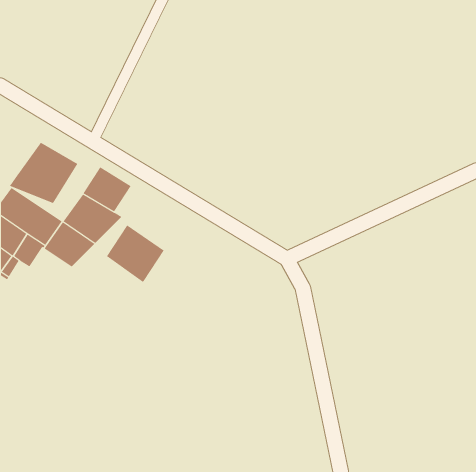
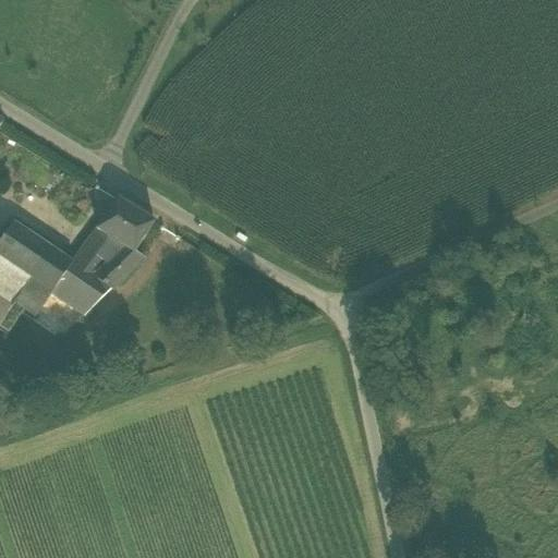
building: [9,142,78,204] -> none
building: [106,224,165,283] -> none

